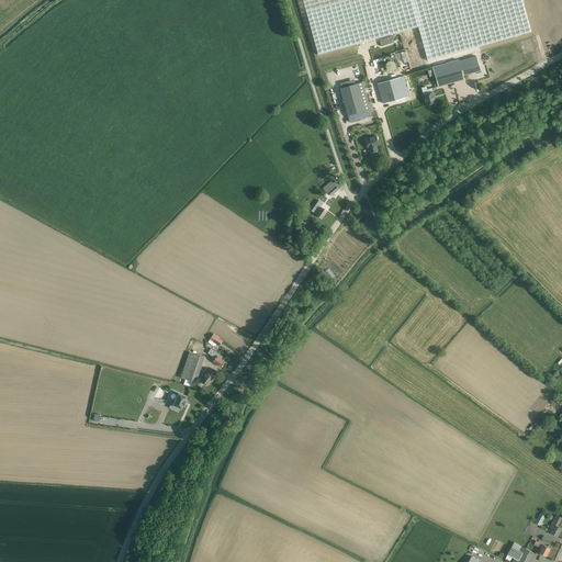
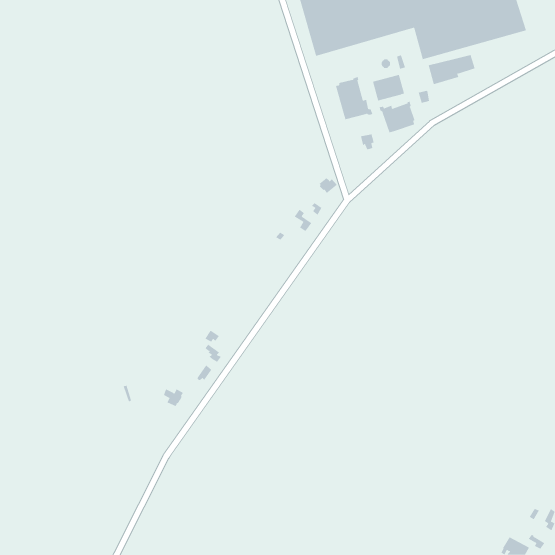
building: none -> [379,101,415,133]
building: [179,351,203,386] -> none

